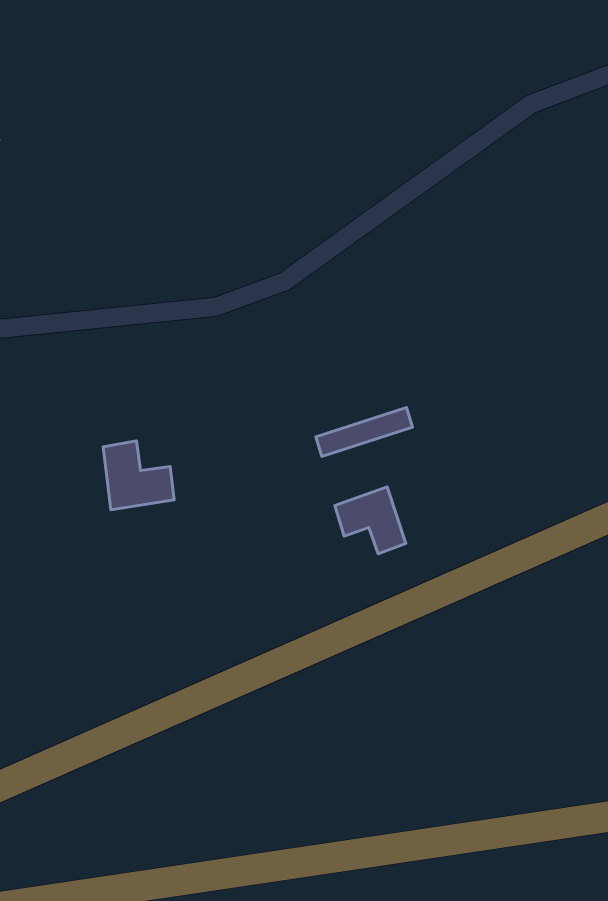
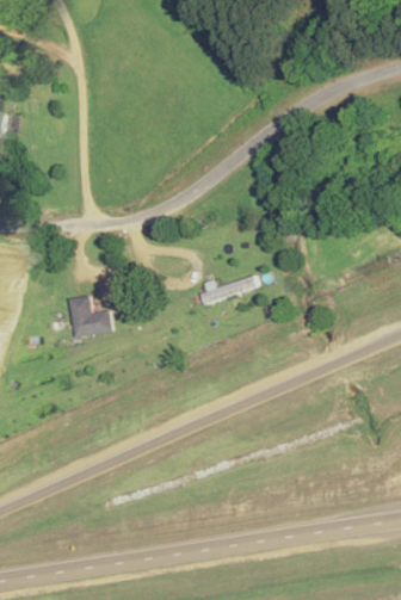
building: [335,487,406,554] -> none

